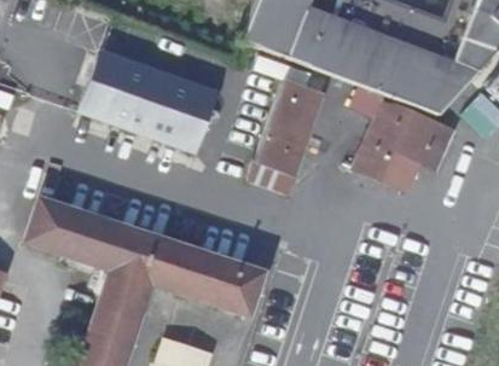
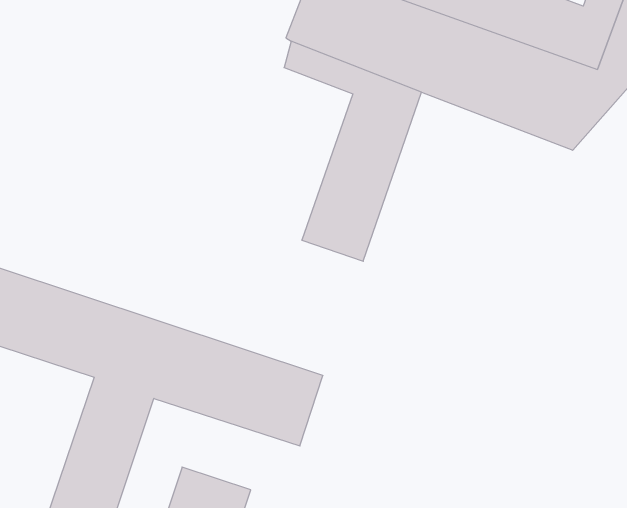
building: [77,48,217,150] -> none
building: [349,87,457,192] -> none

